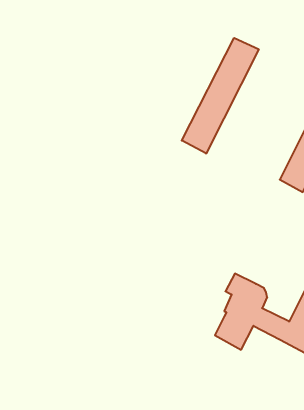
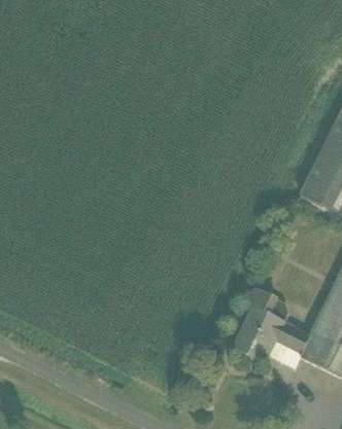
building: [182,38,259,154] -> none

